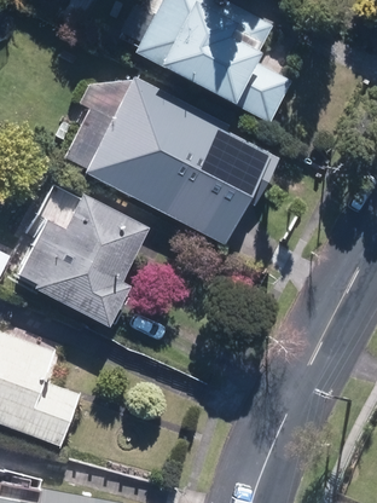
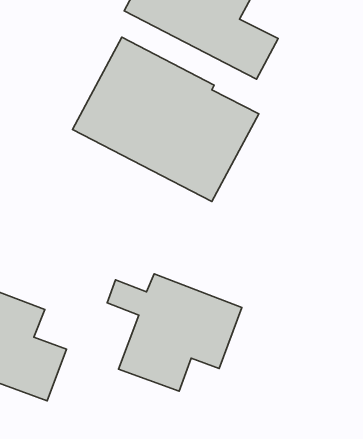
building: [18,193,145,325] -> none
building: none -> [107,274,242,391]

